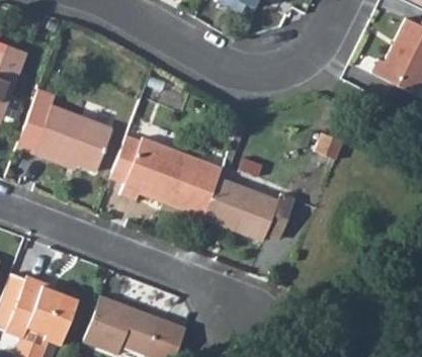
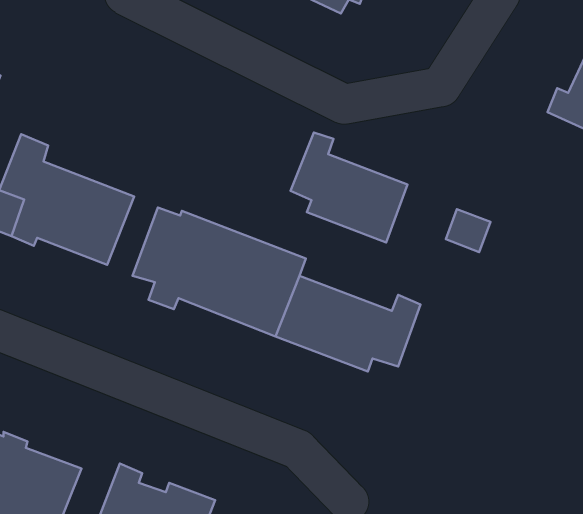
building: none -> [291,132,407,242]

